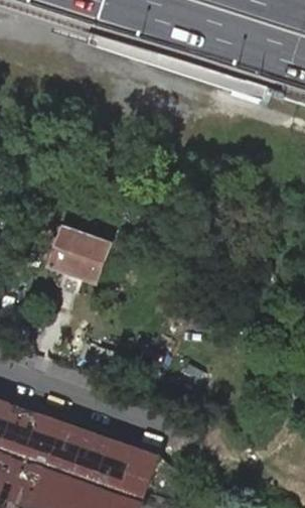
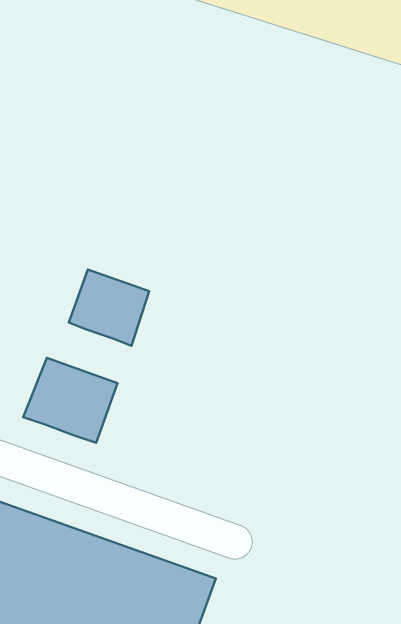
building: none -> [23,358,117,443]

